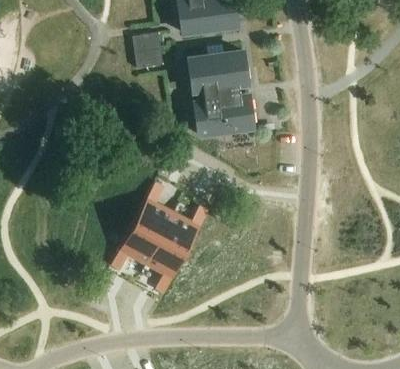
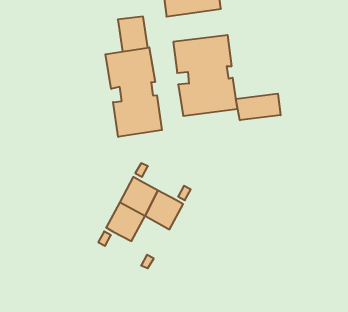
building: none -> [105,47,162,137]
building: none -> [236,94,281,120]
building: [145,238,184,278] -> none

